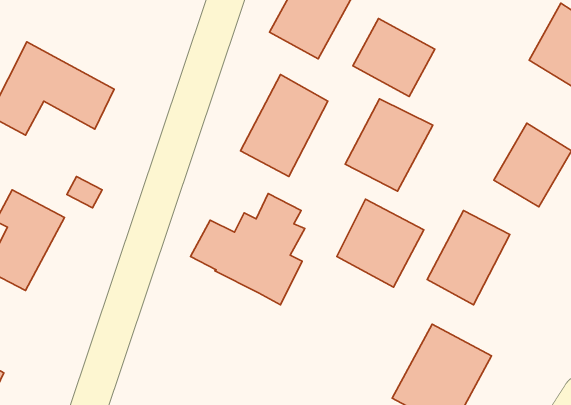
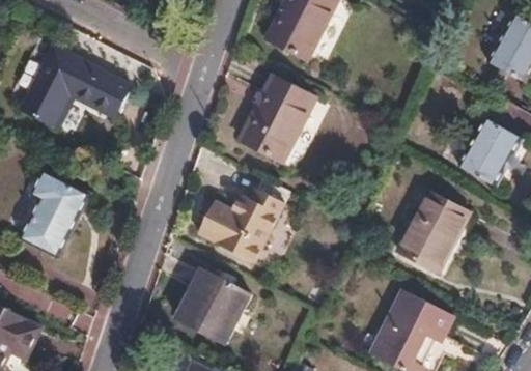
building: [353,19,435,97] -> none
building: [345,99,433,191] -> none
building: [337,199,424,287] -> none
building: none -> [175,267,250,340]

